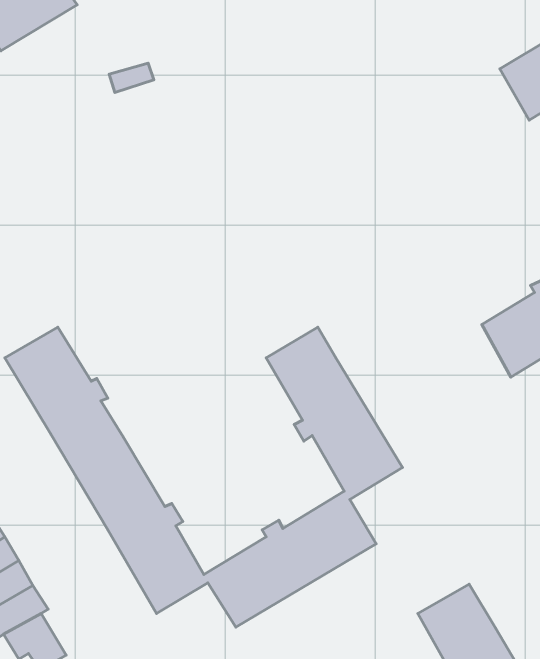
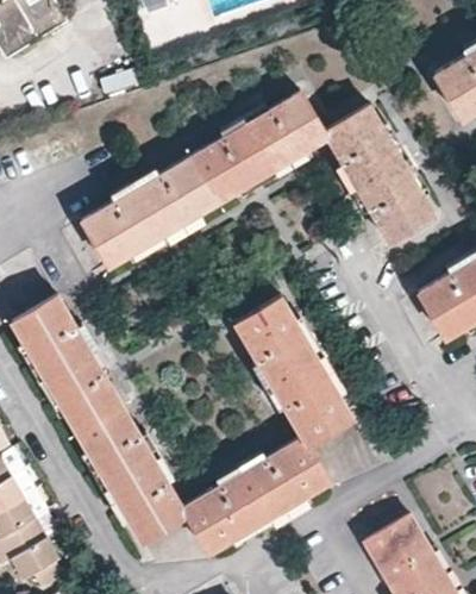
building: none -> [83,95,434,265]

